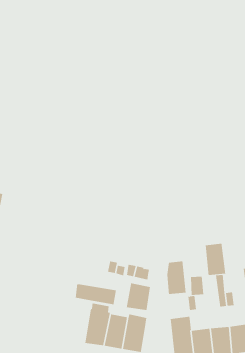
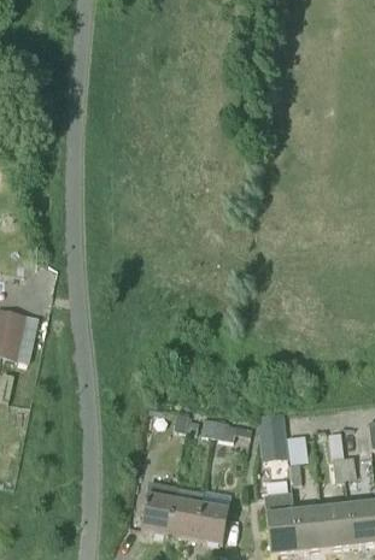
building: [205,243,226,276] -> none
building: [126,283,150,311] -> none
building: [75,284,117,305] -> none

